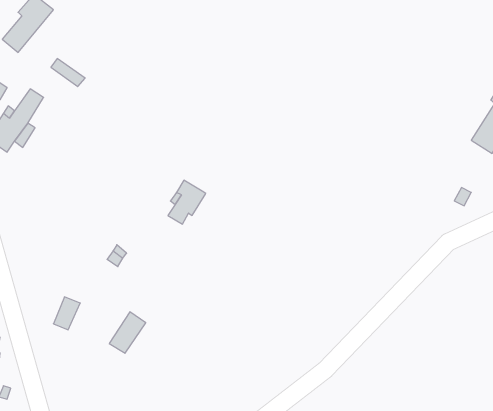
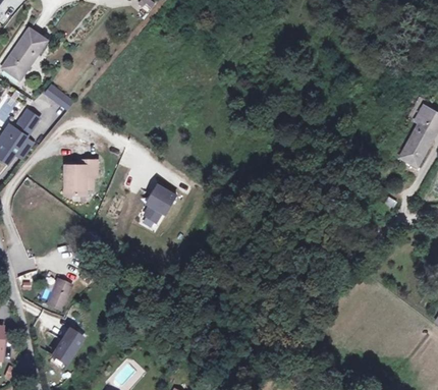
building: none -> [63,160,96,194]
building: [109,312,146,353] -> [52,332,83,367]

